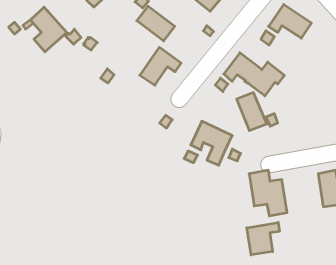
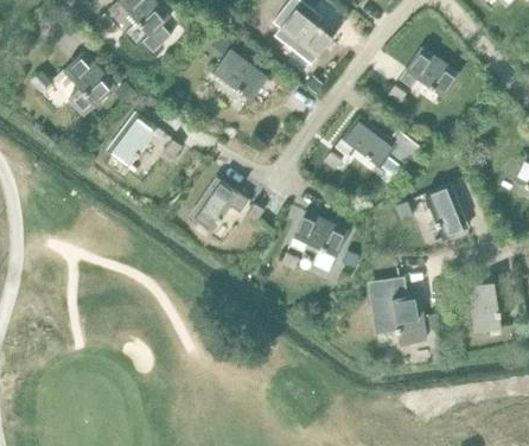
building: [140,47,181,85] -> [190,178,248,231]
building: none -> [107,113,157,166]
building: [237,93,267,131] -> [425,185,467,238]
building: [247,222,279,255] -> none

